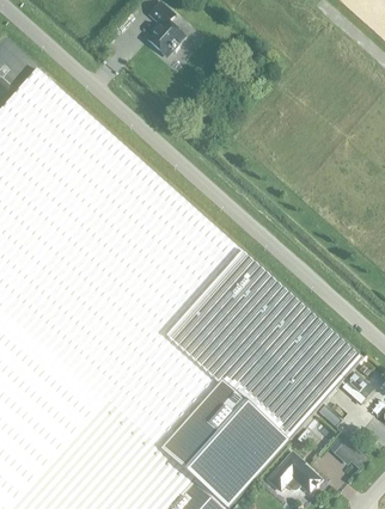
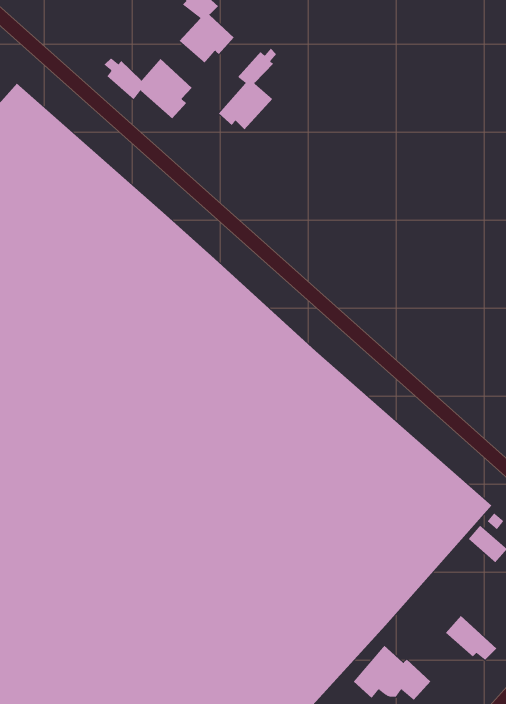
building: none -> [218,48,277,130]
building: none -> [104,58,193,119]

